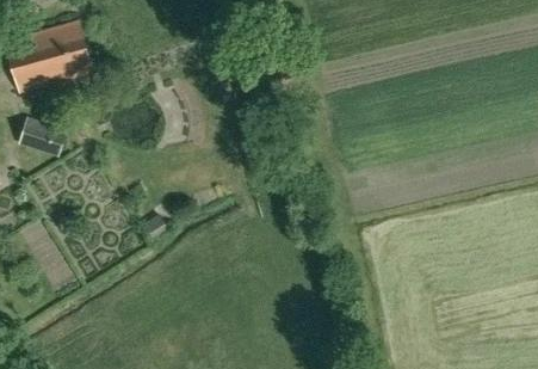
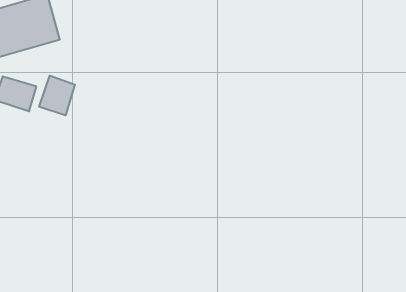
building: none -> [39,76,75,115]

